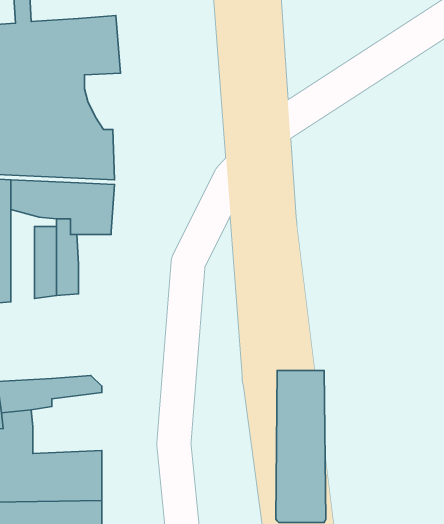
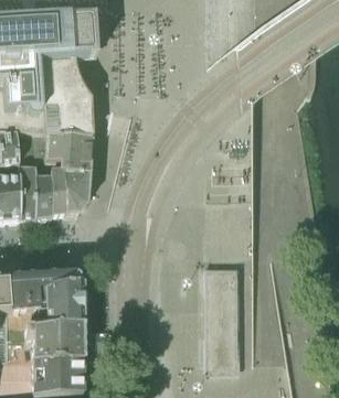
building: none -> [18,150,50,215]
building: none -> [64,168,88,209]
building: none -> [32,279,83,322]

